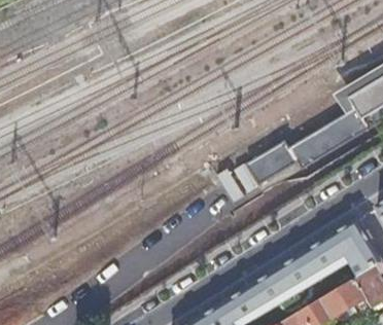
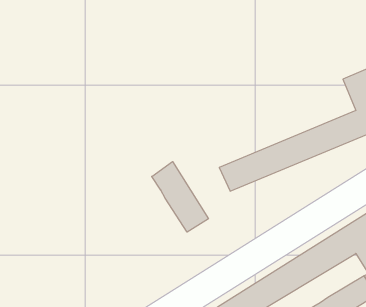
building: none -> [152,162,208,232]

